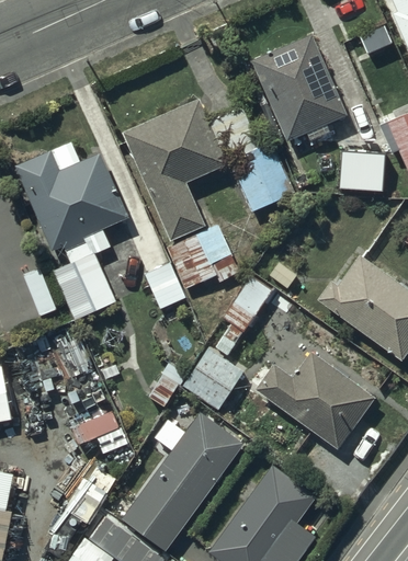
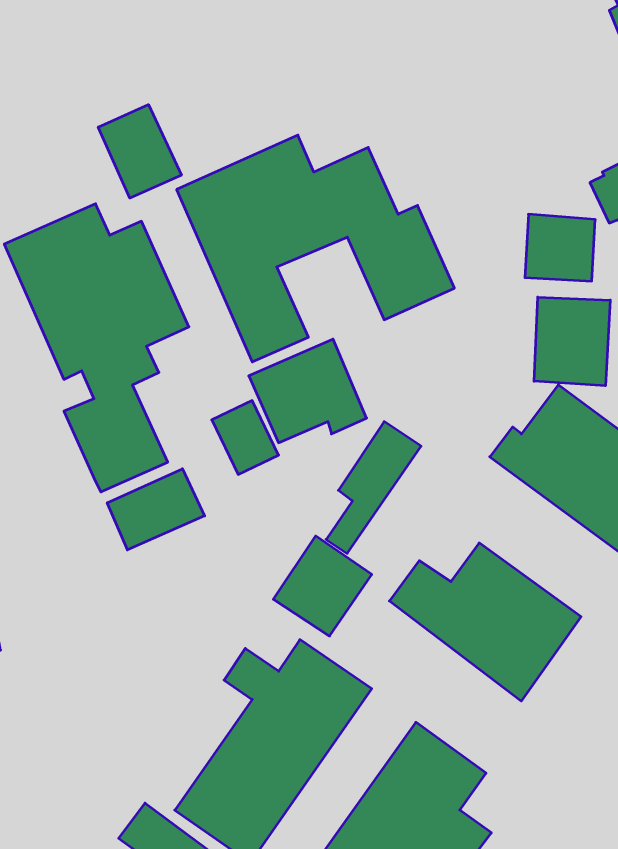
building: [251,35,345,141] -> none
building: none -> [98,105,181,198]
building: none -> [534,297,610,386]
building: none -> [107,469,205,550]

